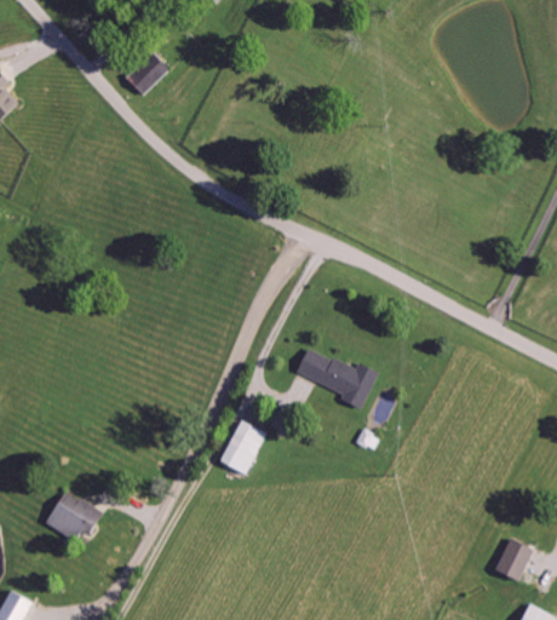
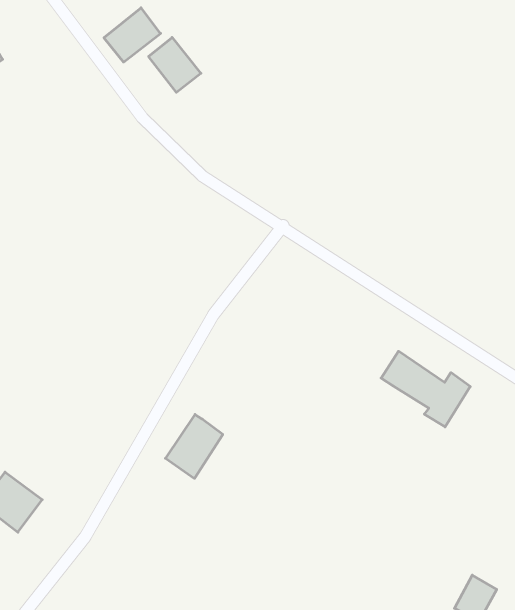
building: none -> [149,37,201,92]
building: [293,345,377,411] -> [381,351,470,427]

